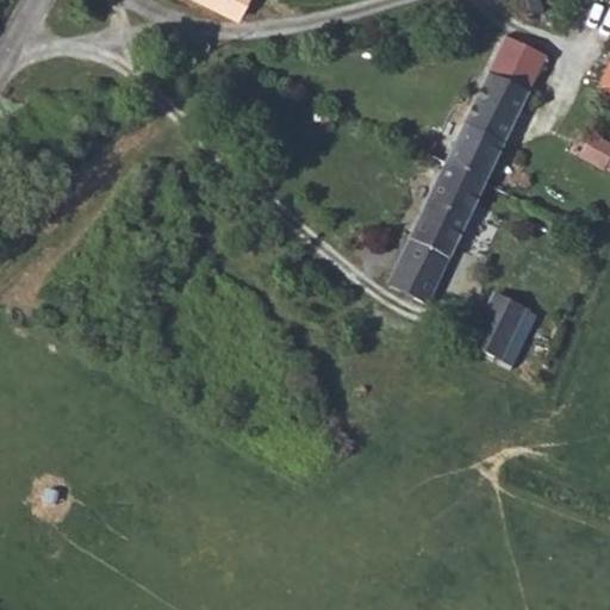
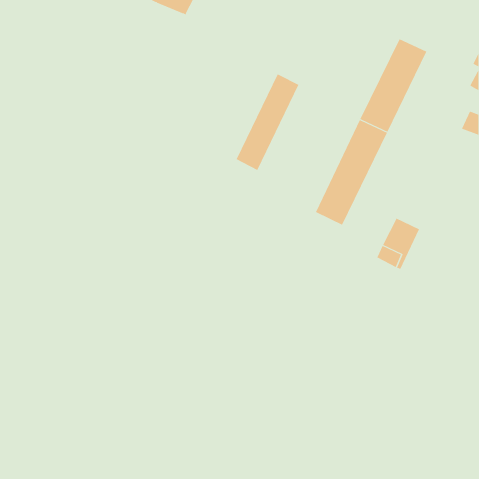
building: none -> [236,73,299,171]

